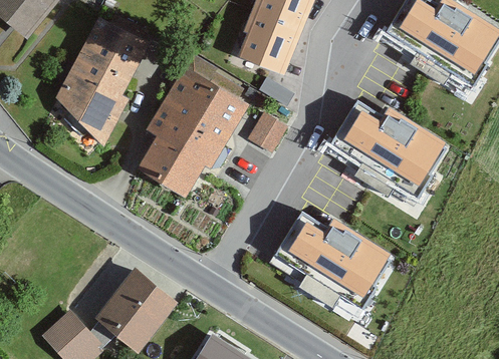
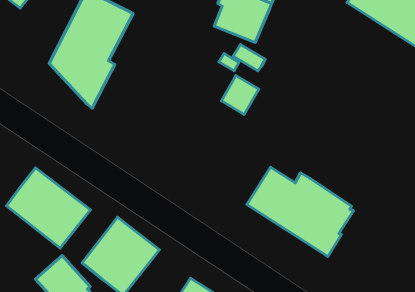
building: [137,53,248,198] -> none
building: [328,101,446,199] -> none
building: none -> [6,168,90,248]

